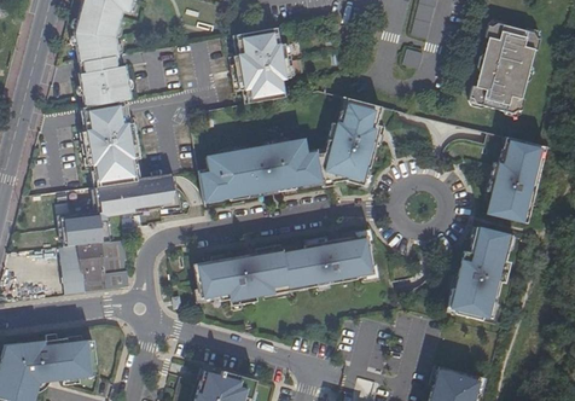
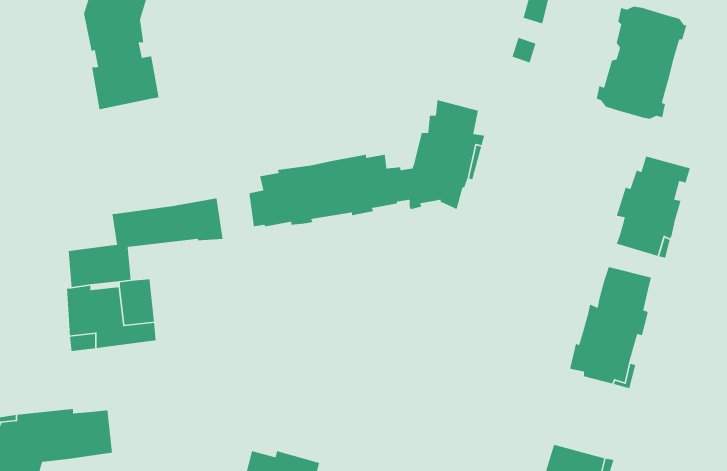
building: [234,27,291,103] -> none
building: [82,98,141,186] -> none
building: [192,237,372,303] -> none

